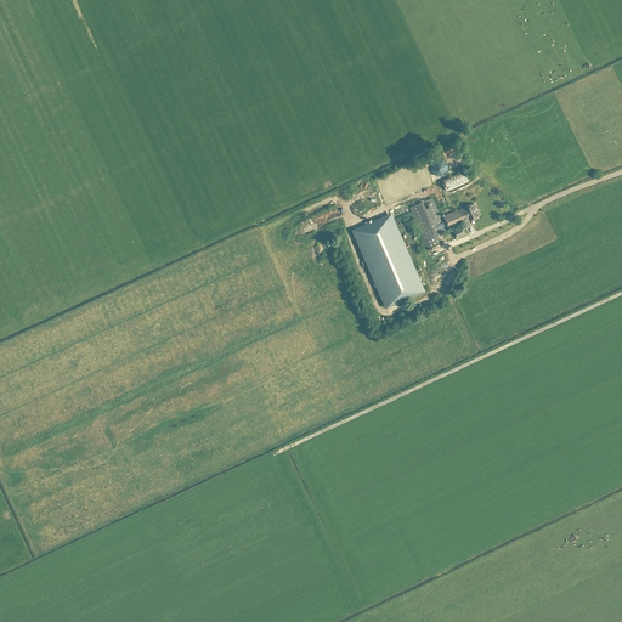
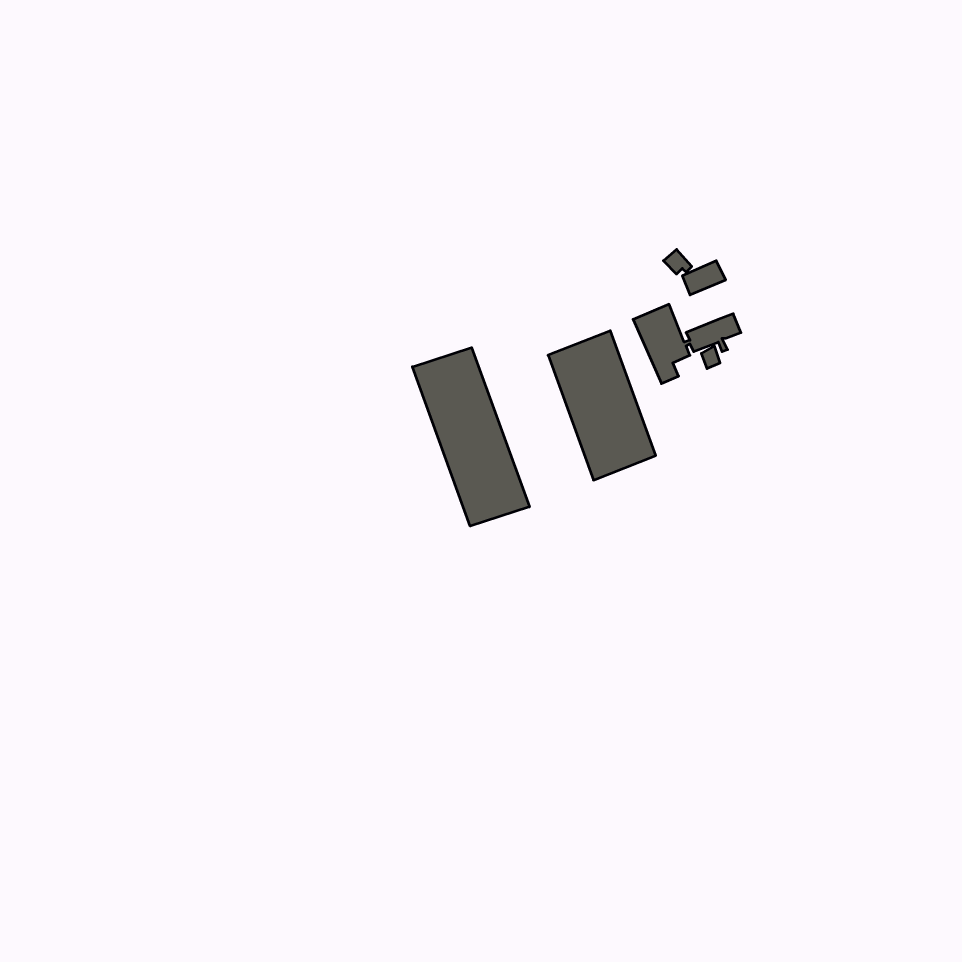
building: none -> [412,348,529,526]

